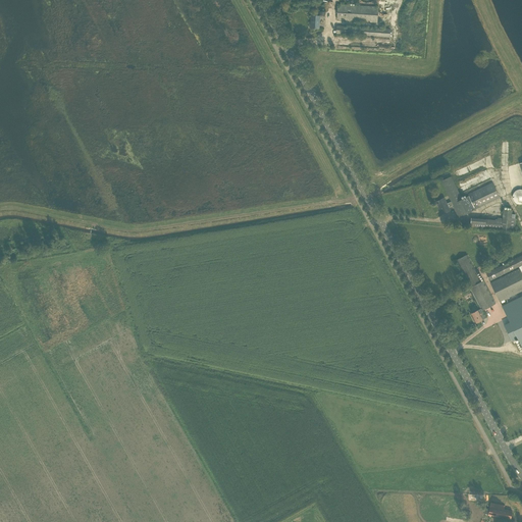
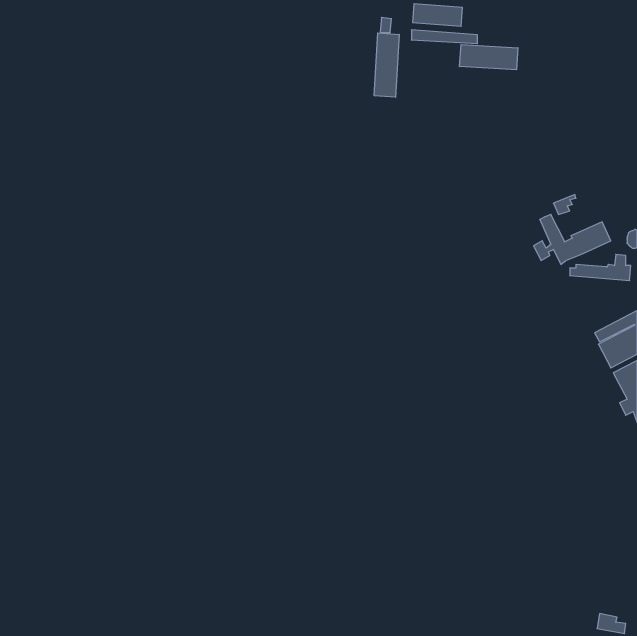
building: none -> [374,33,399,97]
building: none -> [460,45,518,70]
building: [456,254,495,321] -> none

